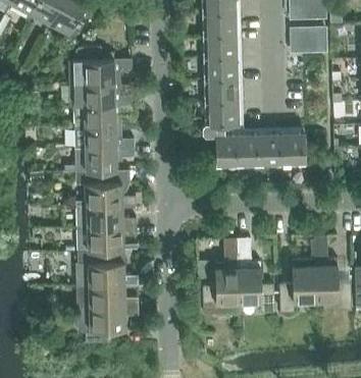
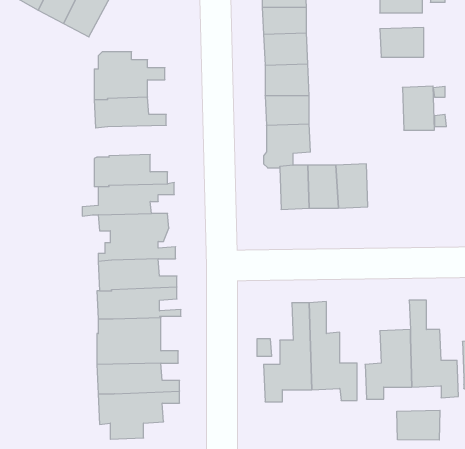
building: [74,103,128,127] -> none
building: [281,131,306,165] -> [402,86,434,130]
building: none -> [397,410,440,440]

